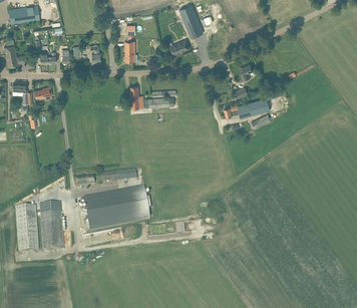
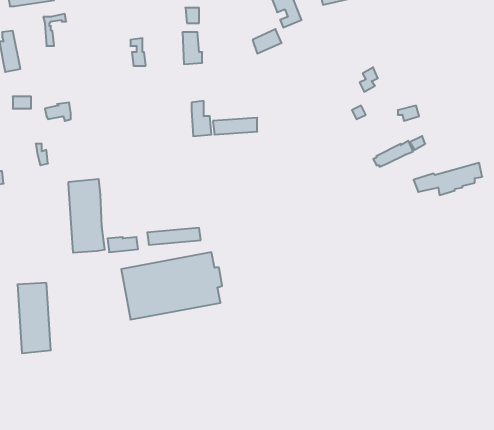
building: [224,98,269,119] -> [414,163,482,195]
building: [40,202,64,250] -> [68,179,105,253]

